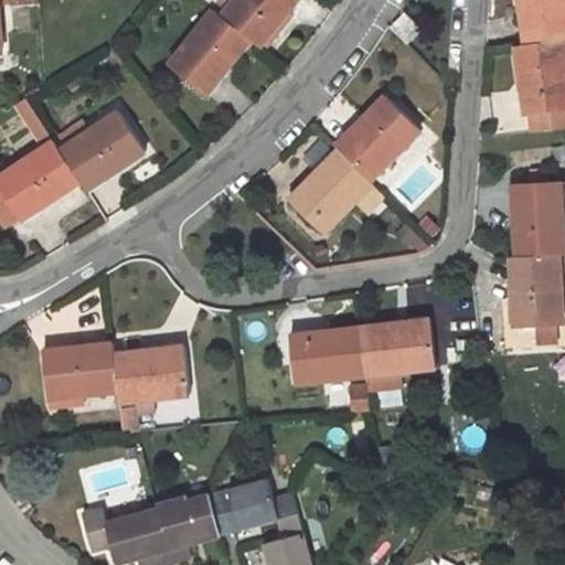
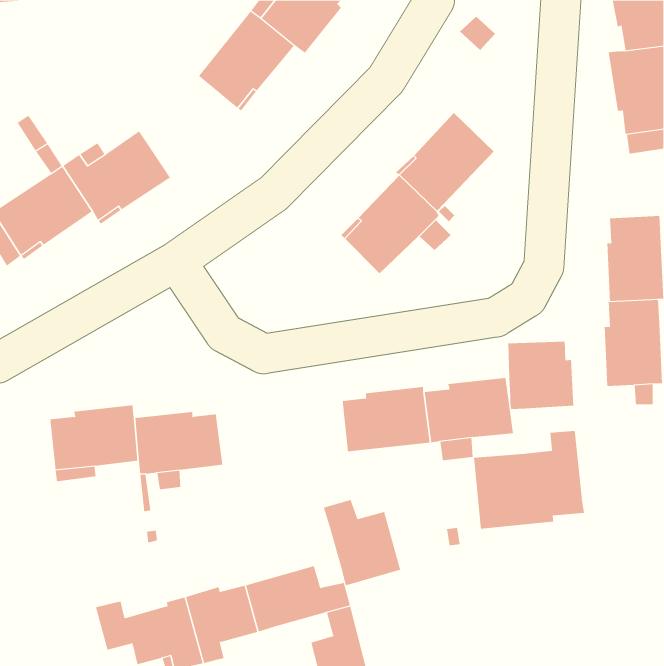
building: none -> [508,341,574,410]
building: none -> [474,430,585,529]
building: none -> [323,499,401,586]

